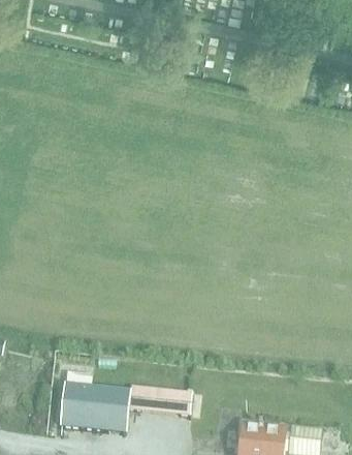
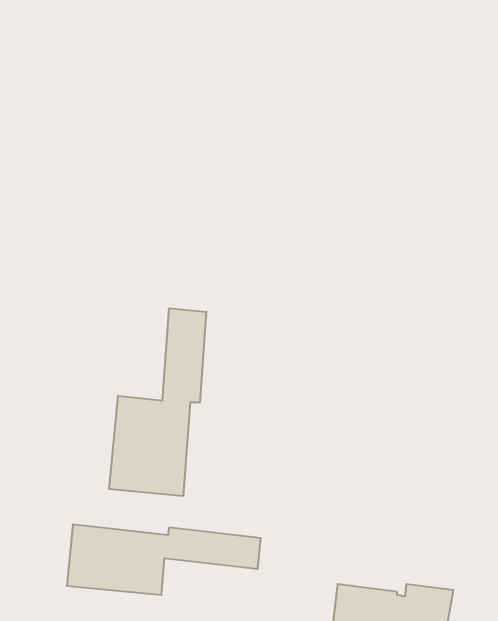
building: none -> [109,308,206,496]

